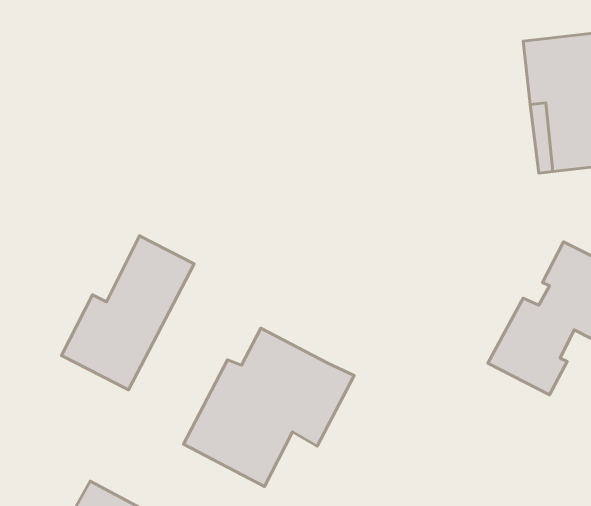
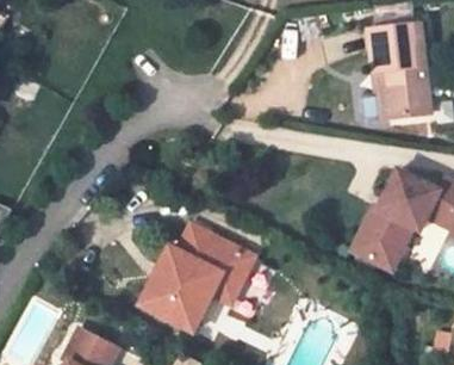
building: [61,236,194,390] -> none

